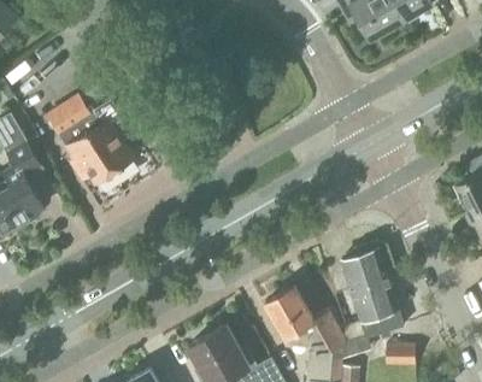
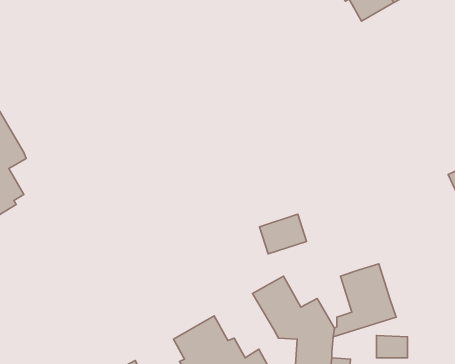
building: [46,94,131,181] -> none
building: [341,247,387,286] -> [260,214,307,254]

